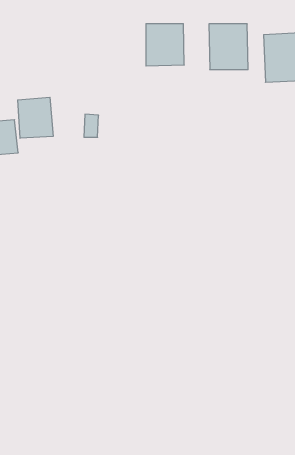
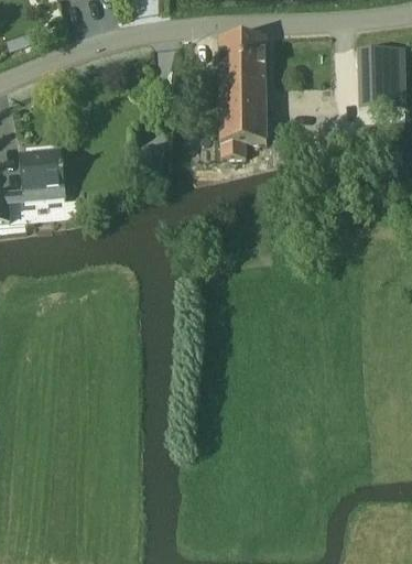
building: [209,24,248,70] -> [219,88,267,143]
building: [18,97,53,138] -> none

